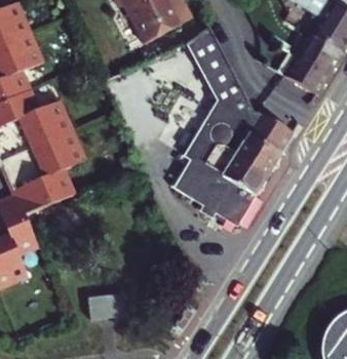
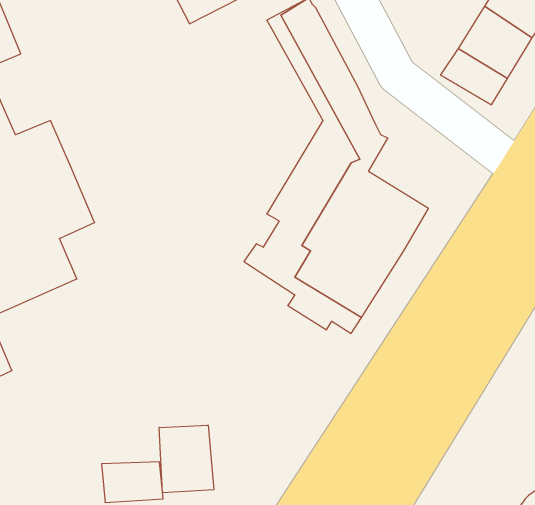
building: [245,110,293,151] -> none
building: none -> [159,425,214,493]

